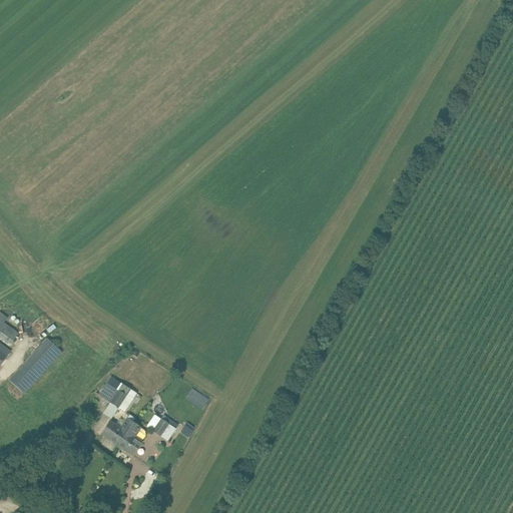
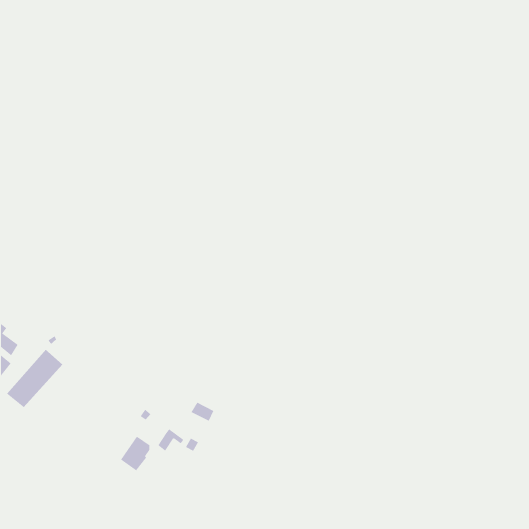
building: [99,384,136,412] -> none
building: [101,415,134,445] -> none

